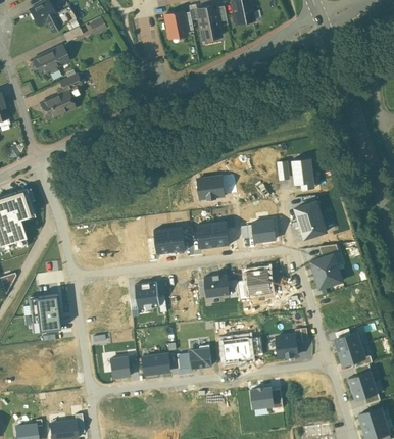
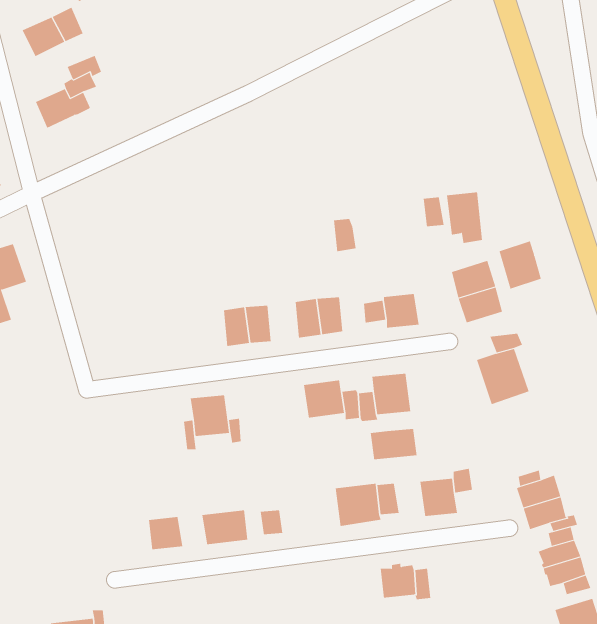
building: [198,176,225,199] -> none
building: none -> [499,240,541,290]
building: [30,295,60,332] -> none
building: none -> [370,428,417,460]
building: [190,346,211,369] -> none

